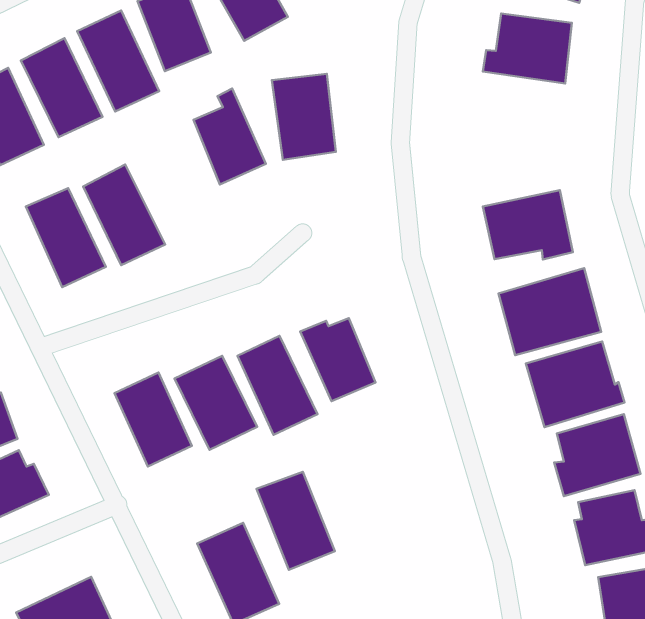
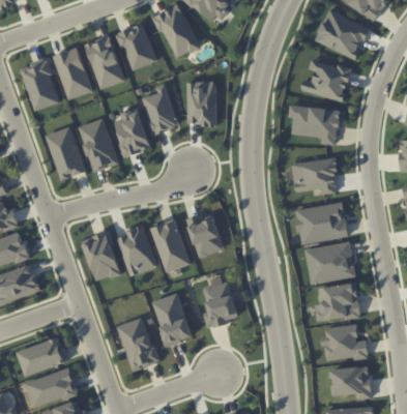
building: none -> [289,106,340,145]
building: none -> [113,109,151,157]
building: none -> [203,282,238,328]

